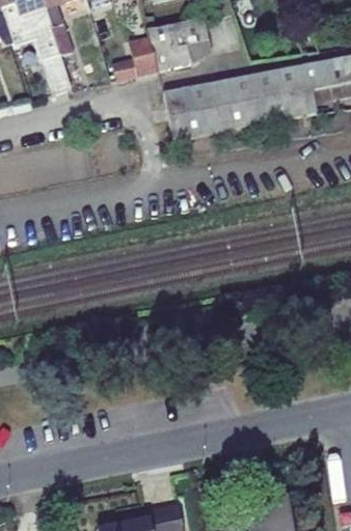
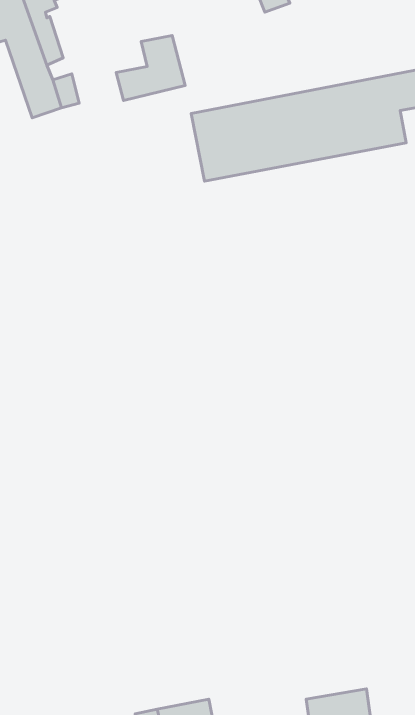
building: [147,17,211,71] -> none

